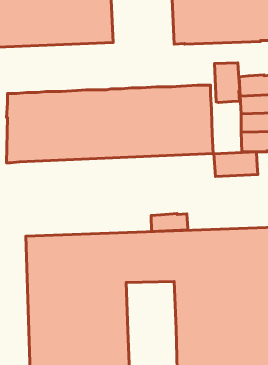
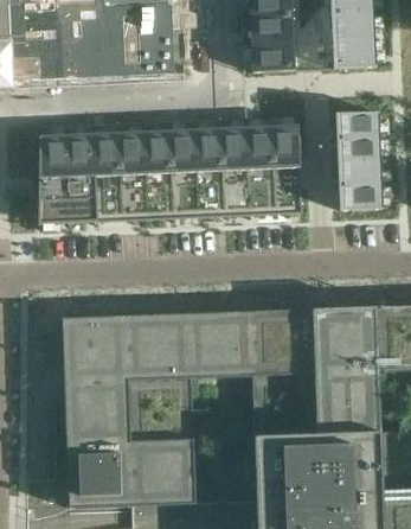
building: [215,63,240,103] -> none
building: [214,152,258,176] -> none
building: [151,214,188,232] -> none

